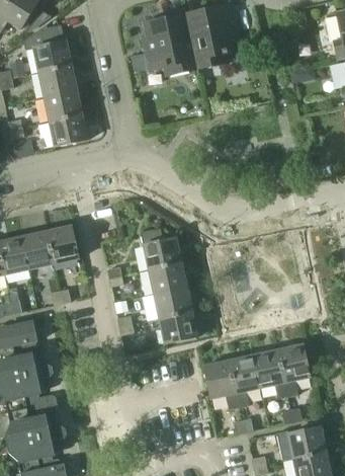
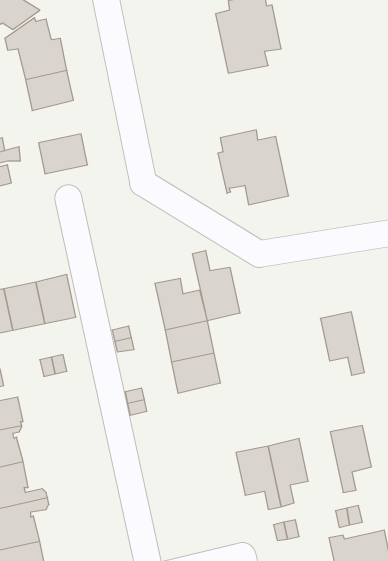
building: [142,15,197,74] -> [218,130,289,205]
building: [44,88,82,122] -> none
building: none -> [193,250,240,321]
building: [158,310,196,343] -> none
building: [253,348,287,398] -> [320,312,364,375]

